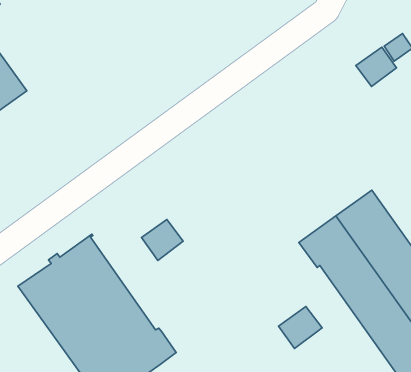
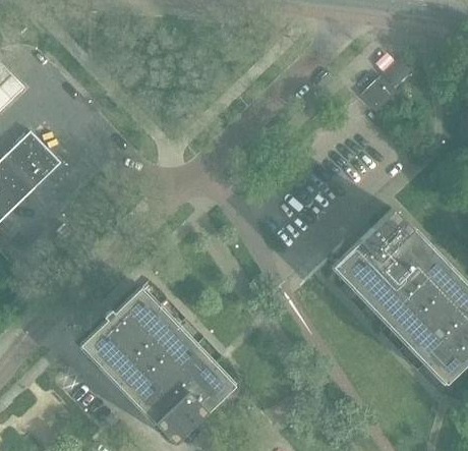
building: [141,220,183,260] -> none
building: [279,307,322,348] -> none

